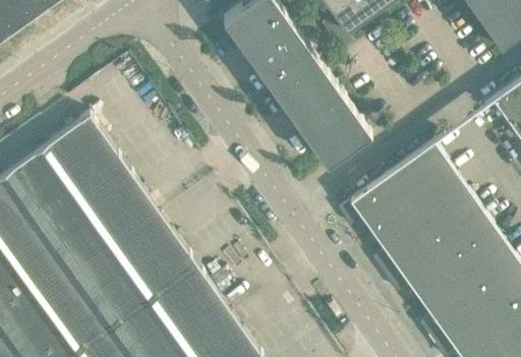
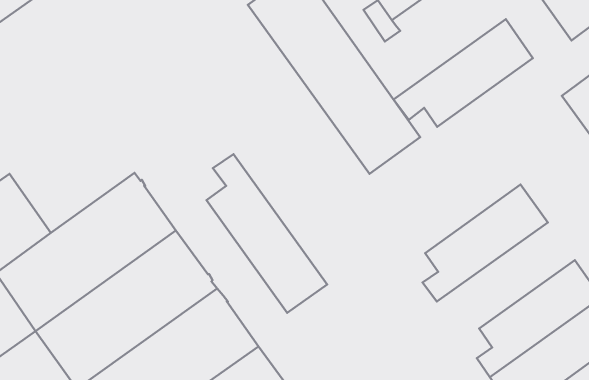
building: [16,114,124,217] -> none
building: [337,141,457,234] -> [394,19,533,127]
building: none -> [207,154,327,313]
building: [385,207,504,299] -> none

